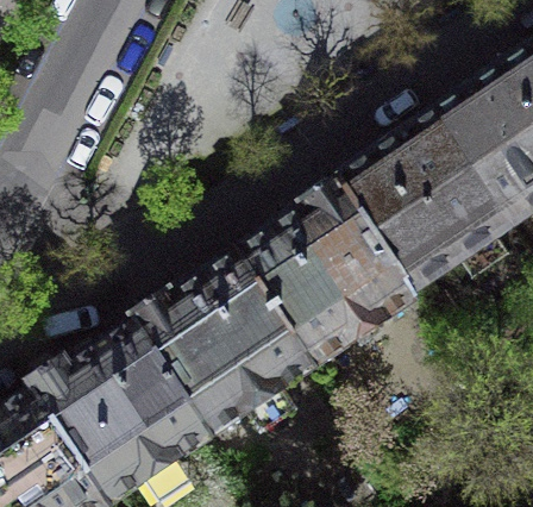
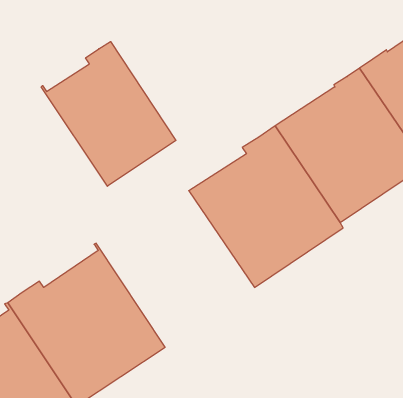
building: none -> [41,42,176,186]
building: [149,243,332,424] -> none

